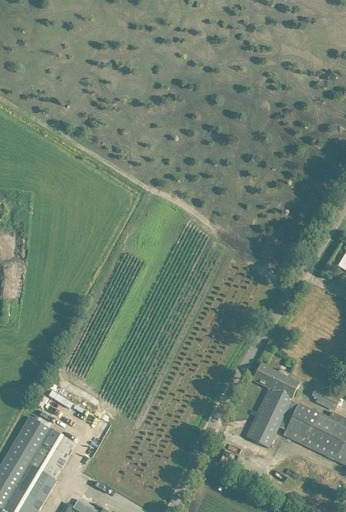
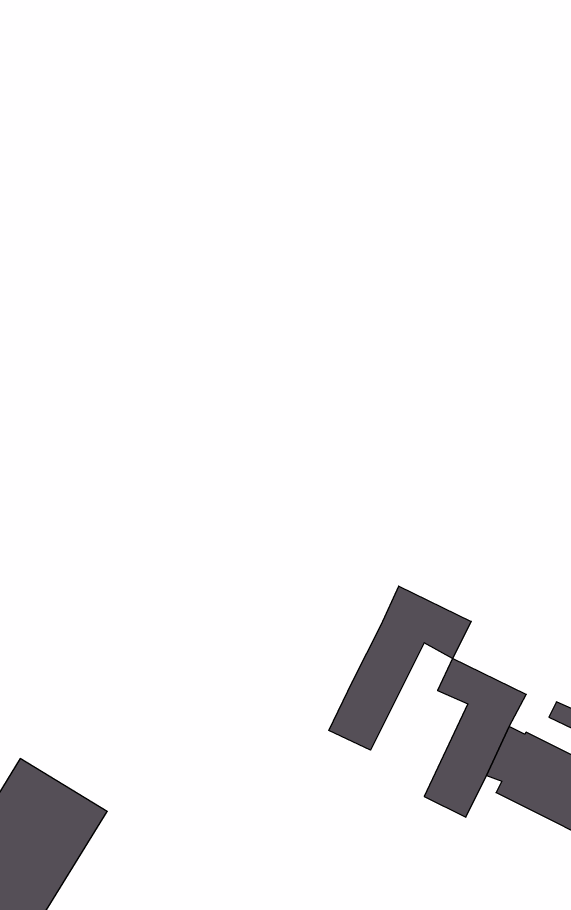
building: none -> [329,586,471,750]

